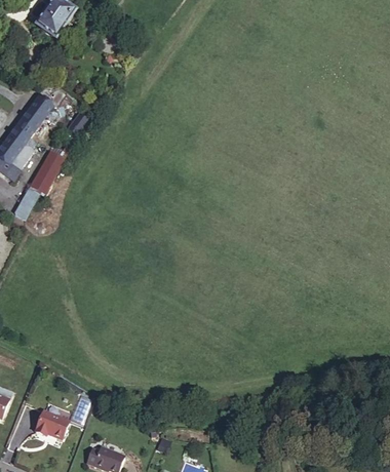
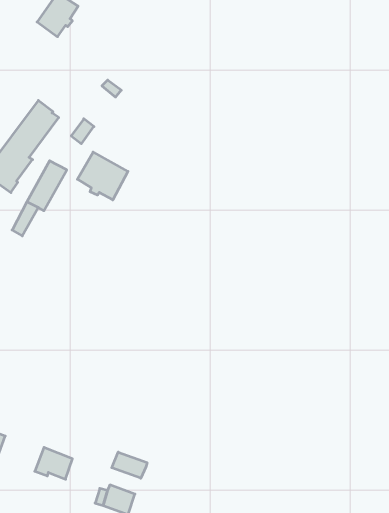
building: none -> [77,152,128,200]
building: none -> [112,452,147,478]

